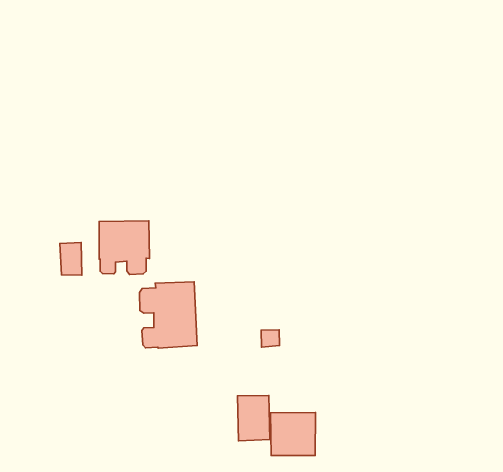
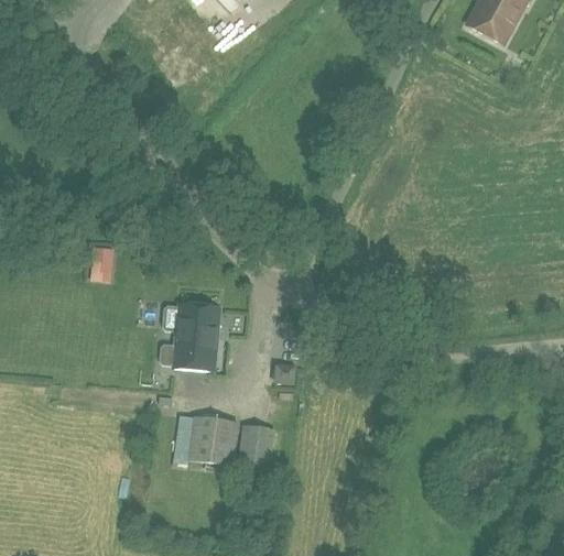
building: [99,221,150,274] -> none
building: [270,413,316,455] -> [189,415,239,464]

